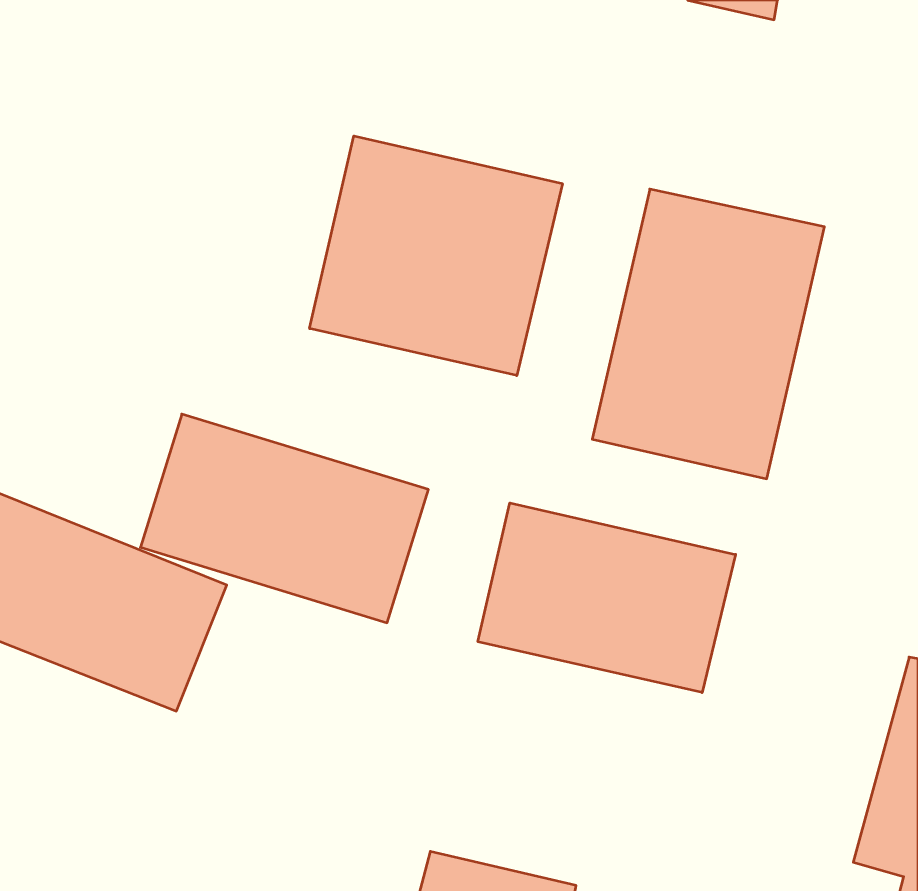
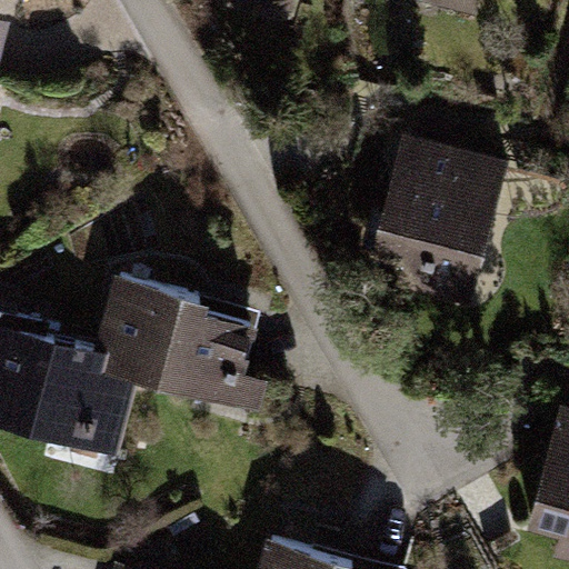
building: [310,136,562,376] -> none
building: [478,503,736,693] -> none

